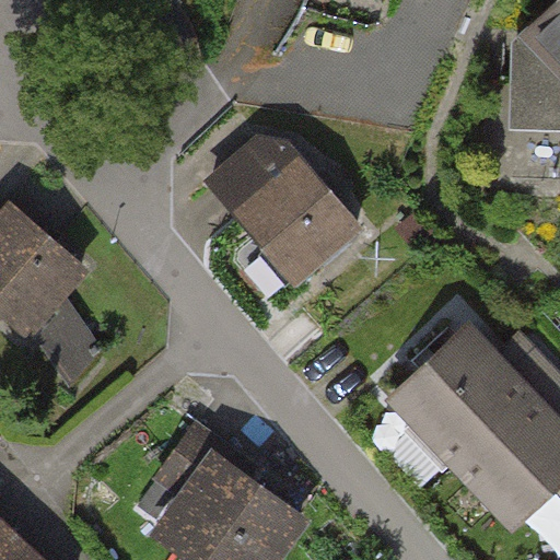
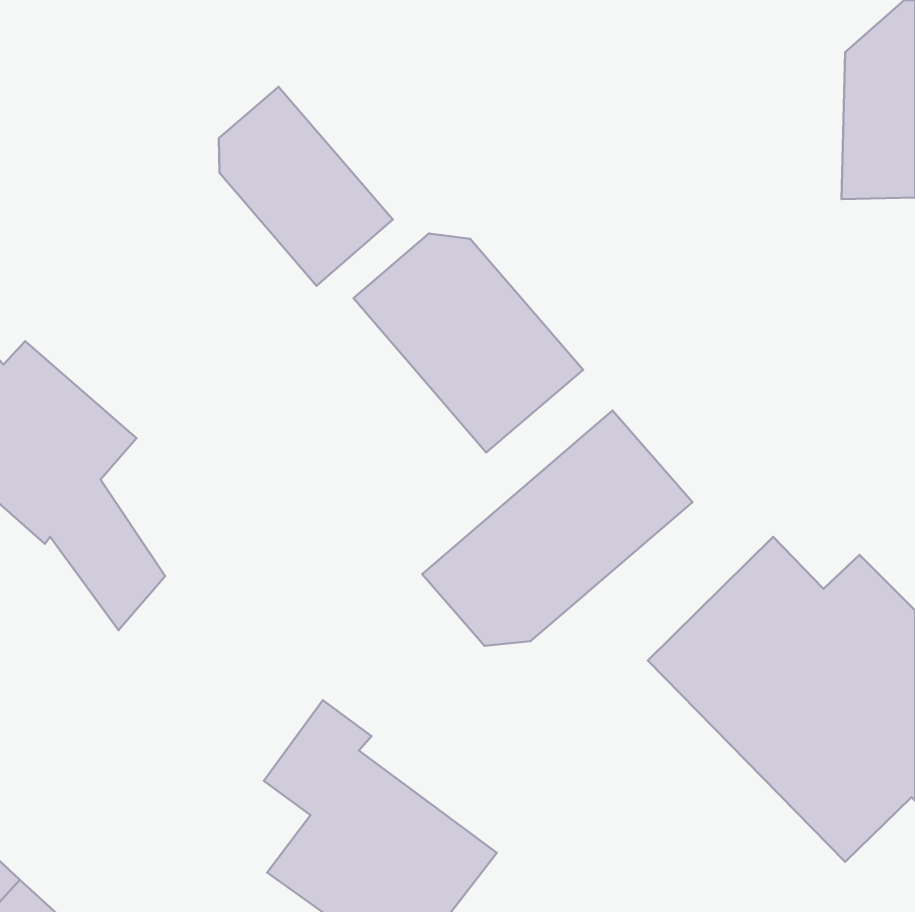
building: none -> [219,87,393,286]
building: none -> [422,410,692,646]

